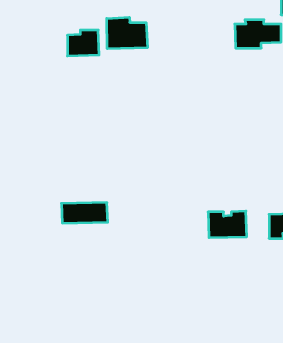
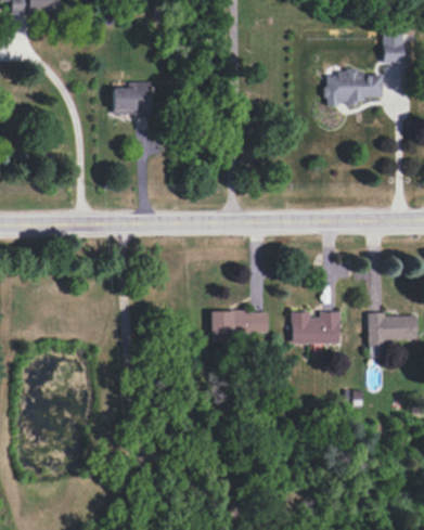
building: [107,17,147,49] -> none
building: [61,203,108,223] -> [210,310,269,336]

